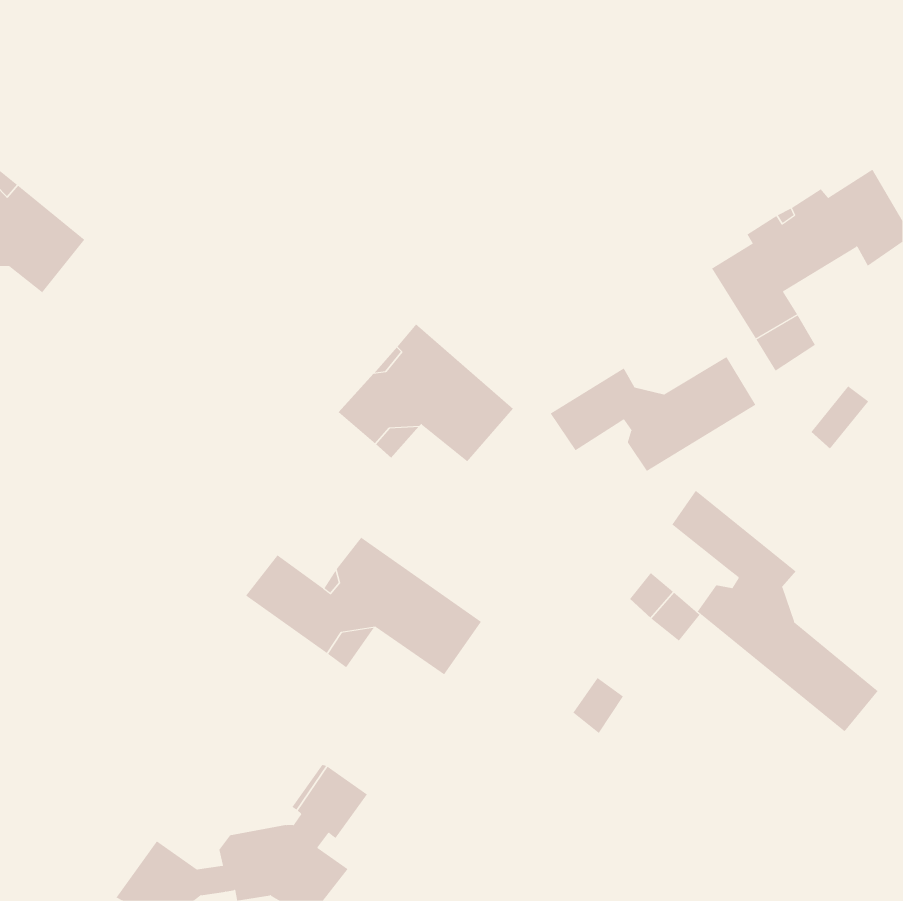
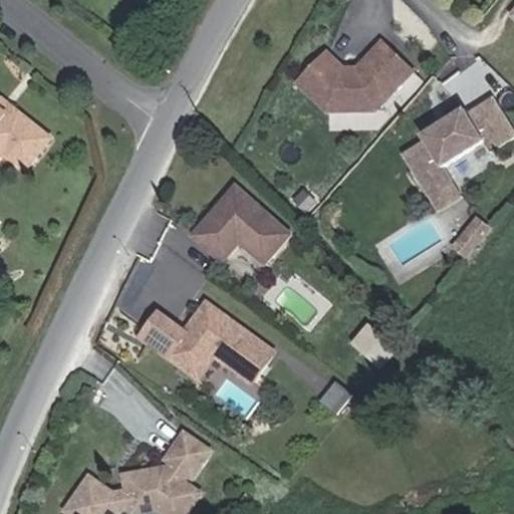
building: none -> [296,41,410,109]
building: [550,356,756,472] -> none
building: [672,490,878,732] -> none

